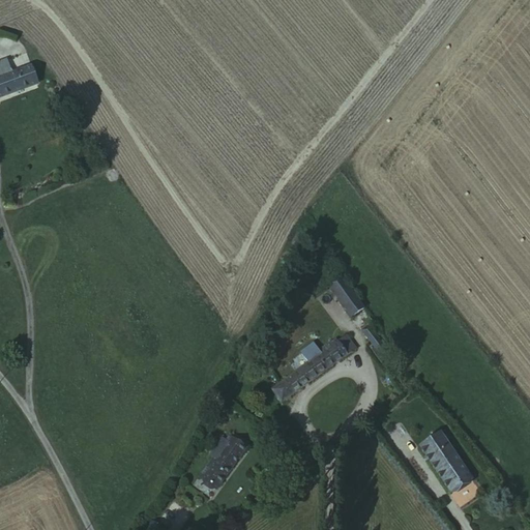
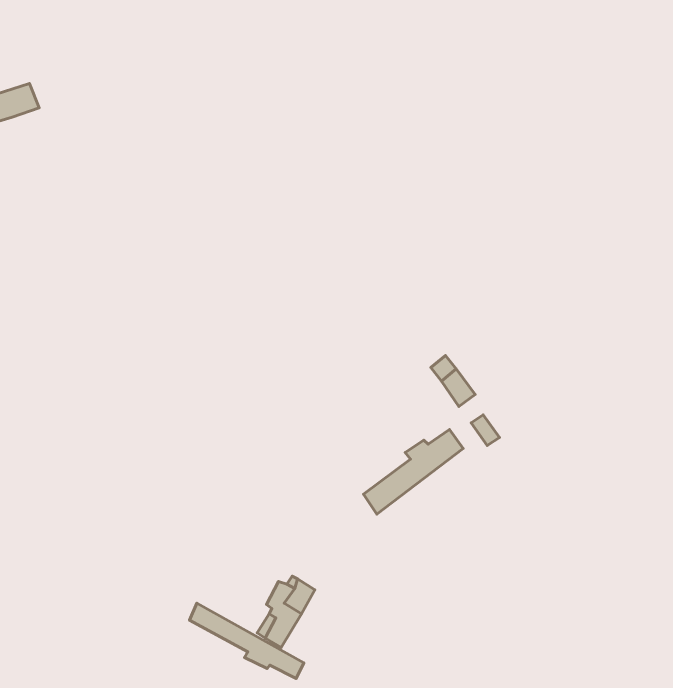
building: [415,429,470,492] -> none
building: none -> [190,603,304,679]

